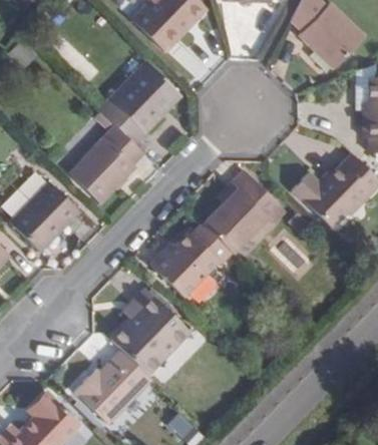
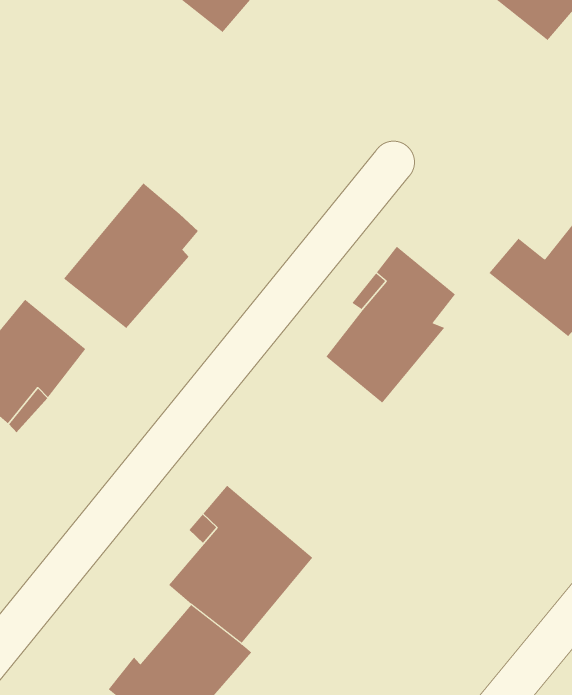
building: [98,61,181,144] -> none
building: [151,226,228,296] -> none

